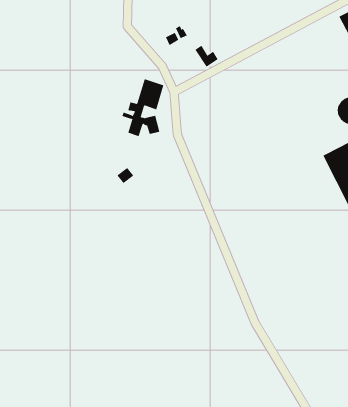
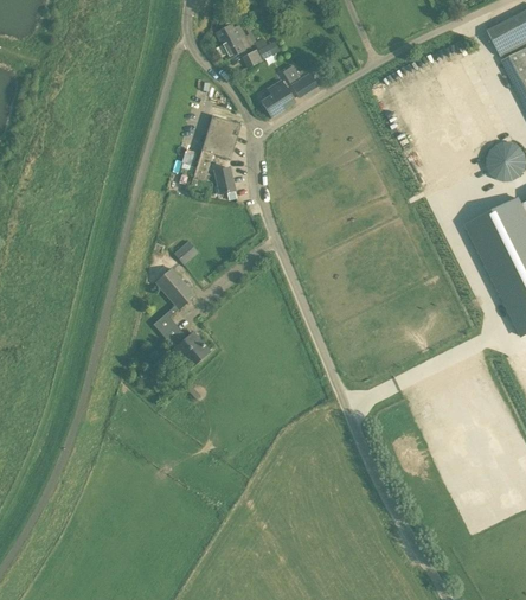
building: none -> [218,24,256,57]
building: none -> [264,81,296,116]
building: none -> [155,267,210,365]

